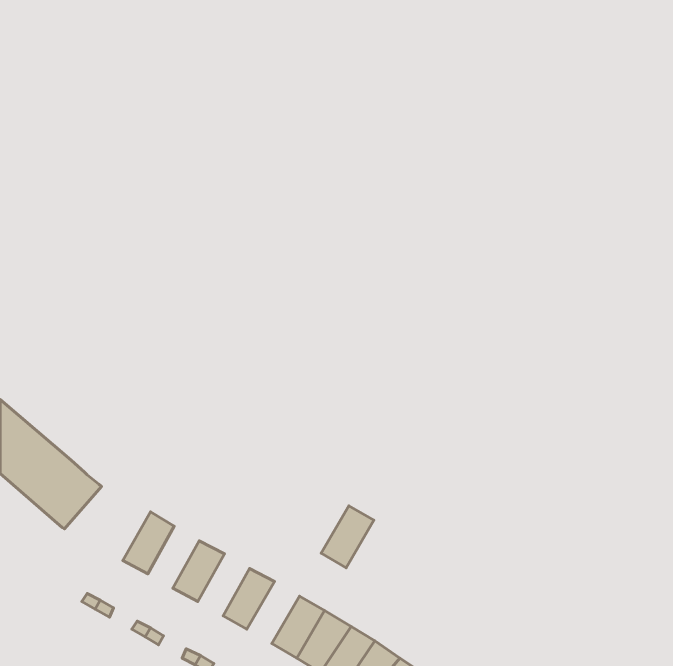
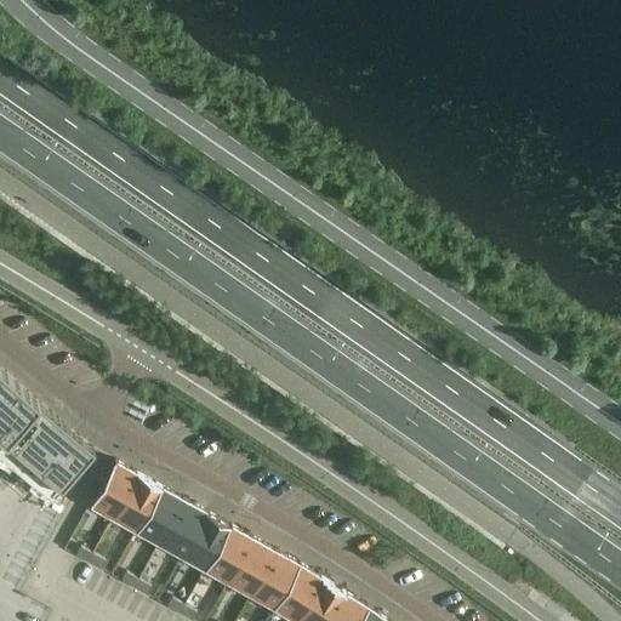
building: none -> [90,465,139,523]
building: [321,506,374,568] -> [228,542,277,599]
building: none -> [137,491,184,548]
building: none -> [183,517,230,574]

